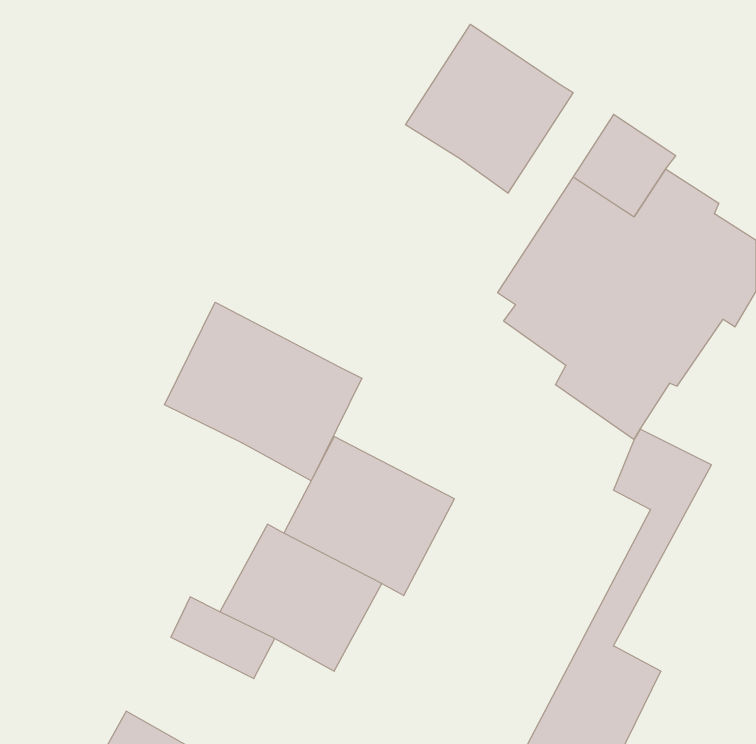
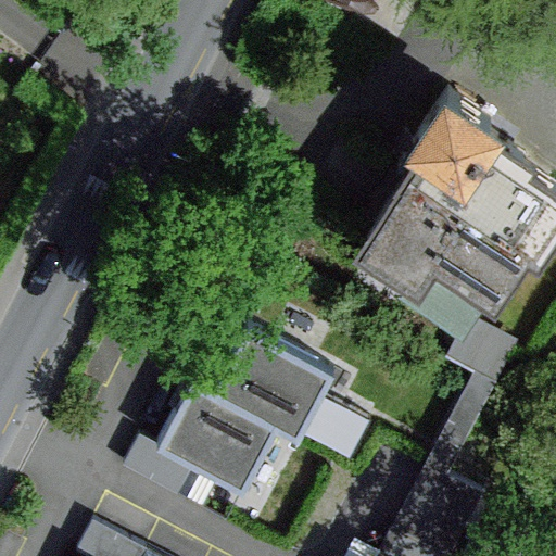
building: [406,24,573,193] -> none
building: [165,302,362,481] -> none

